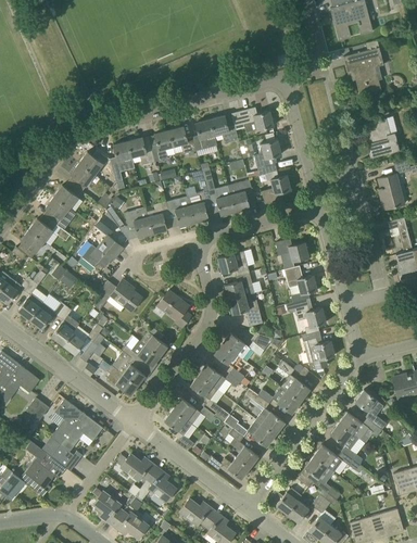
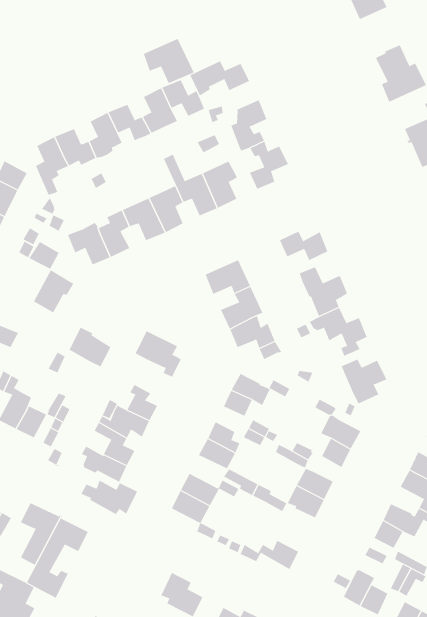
building: none -> [143,38,194,84]
building: [228,428,258,467] -> none
building: [115,453,156,481] -> [80,480,138,515]

